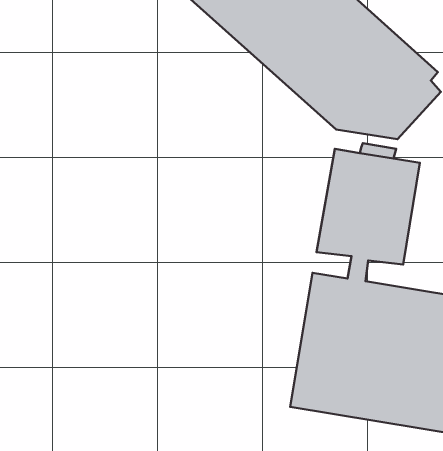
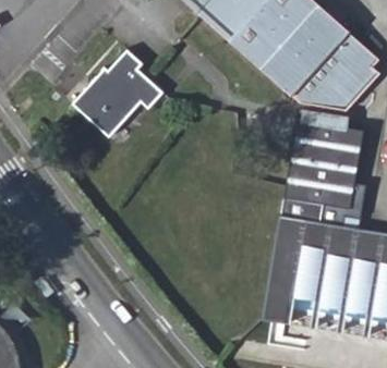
building: none -> [73,49,165,136]

